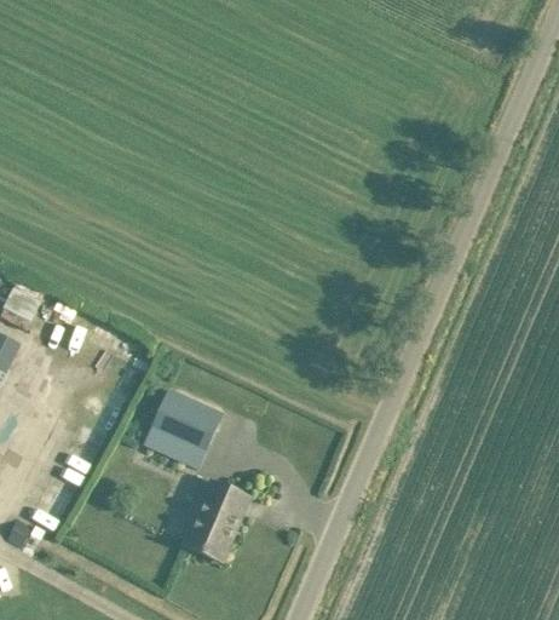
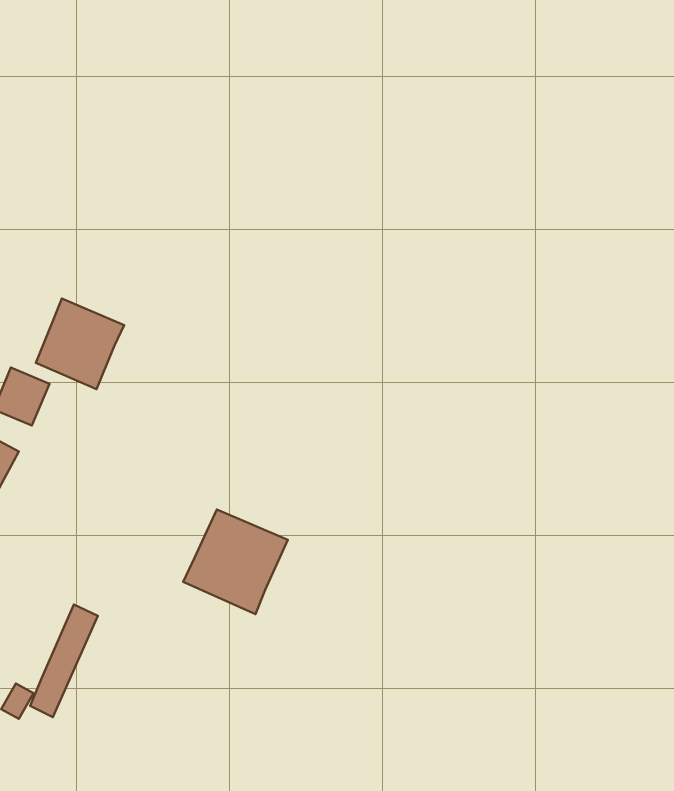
building: none -> [36,299,124,389]
building: [181,481,248,562] -> none

